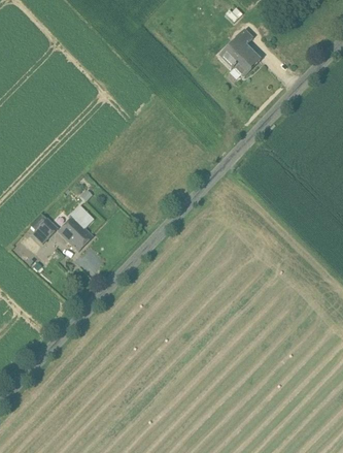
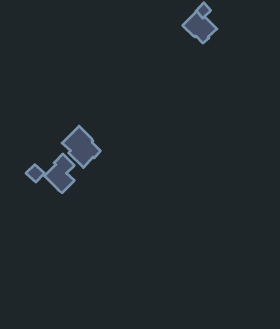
building: none -> [62,126,100,168]

